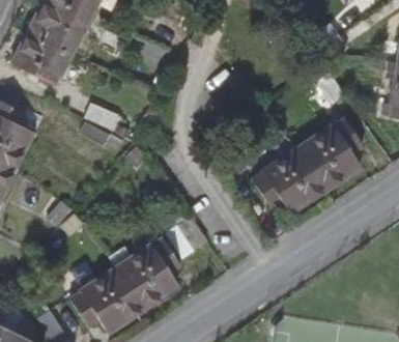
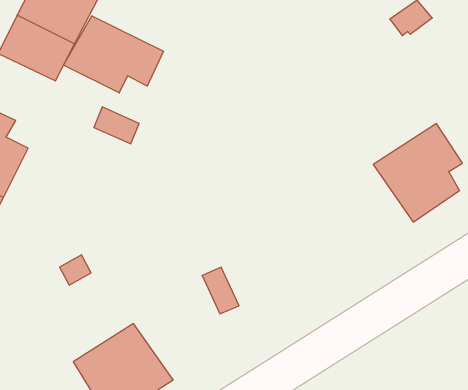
building: none -> [64,16,164,93]
building: [251,147,325,213] -> none
building: [114,236,180,310] -> none

